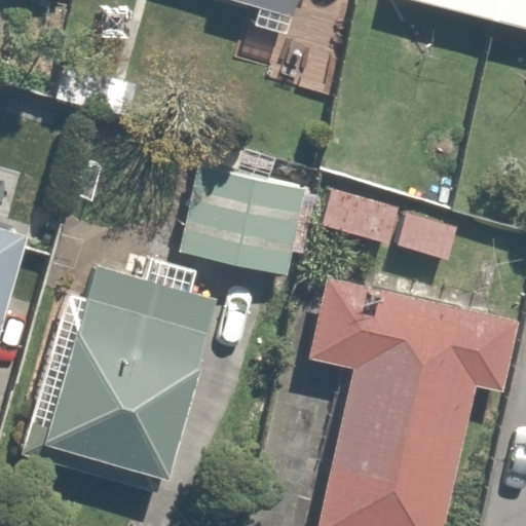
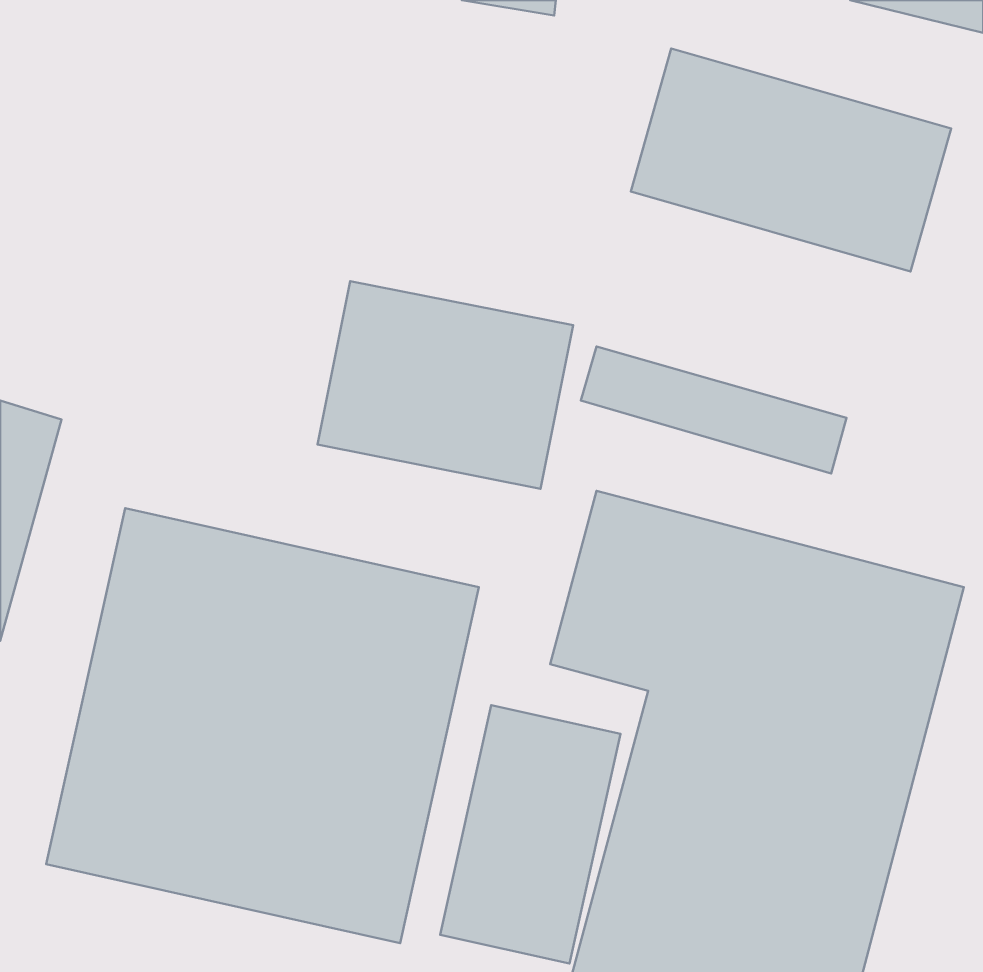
building: none -> [631,48,951,272]
building: none -> [440,705,620,963]

